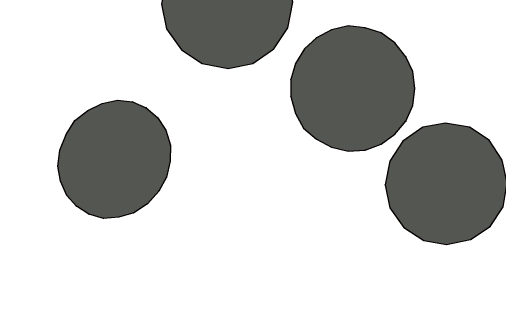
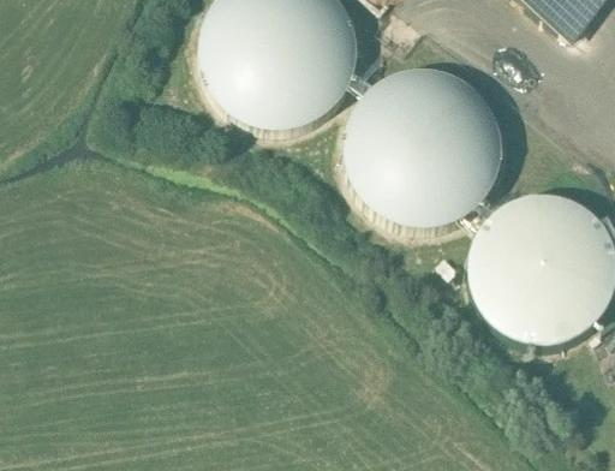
building: [58,100,170,218] -> none

